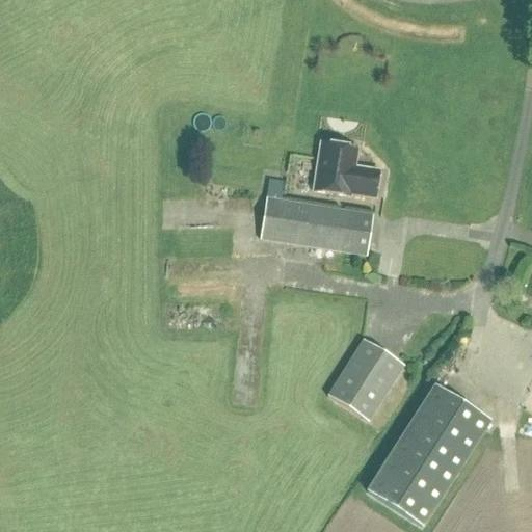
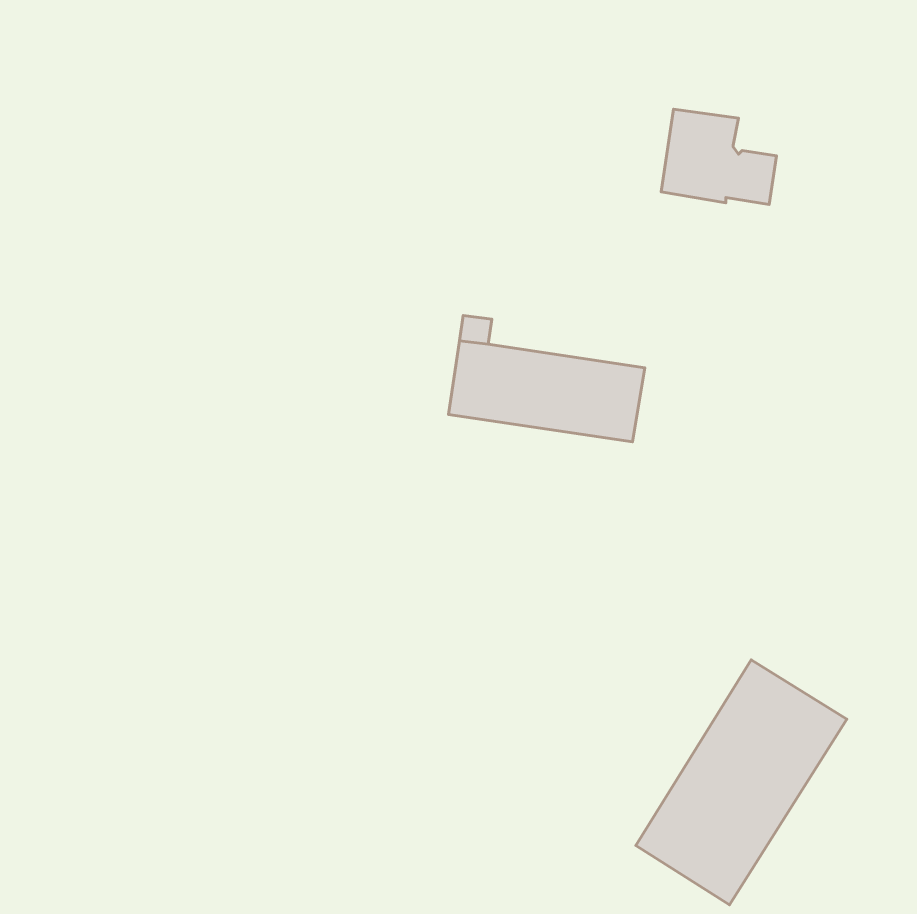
building: [317,142,383,197] -> [661,109,776,205]
building: [320,340,402,424] -> none

